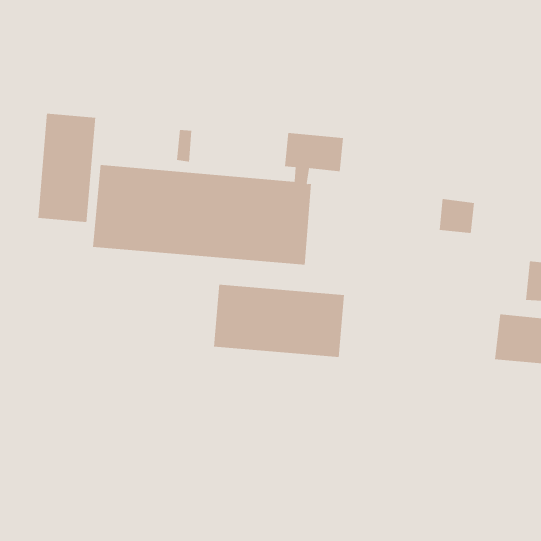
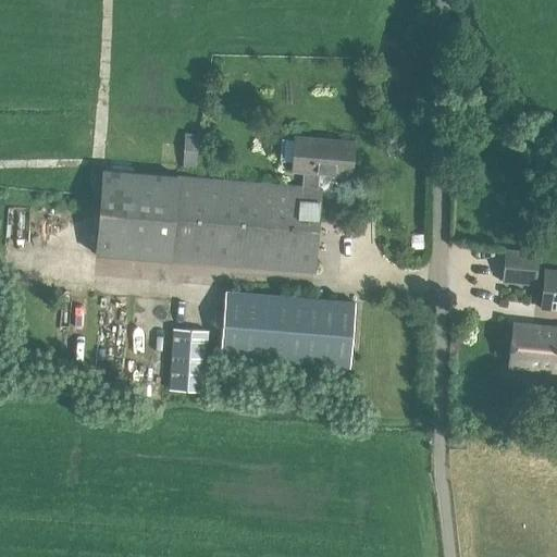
building: [38,113,96,223] -> none
building: [439,198,475,233] -> [500,249,537,285]
building: none -> [171,329,208,393]

